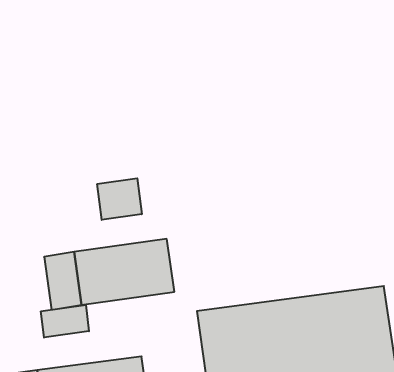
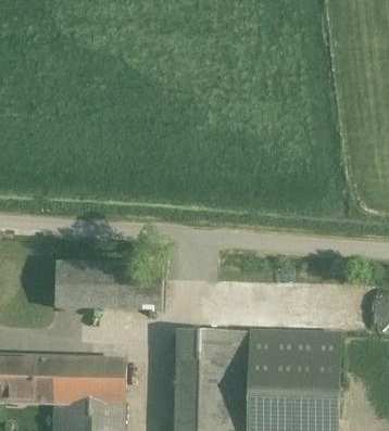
building: [97,178,142,220] -> none
building: [41,305,89,338] -> none

